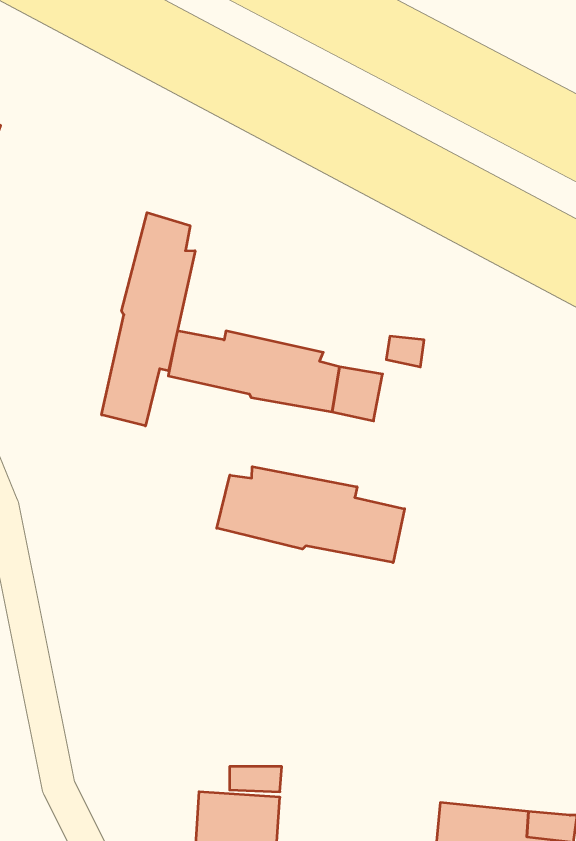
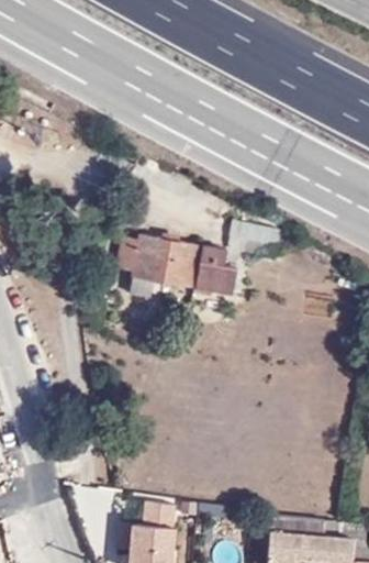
building: [102,213,195,426] -> none
building: [217,467,405,563] -> none

